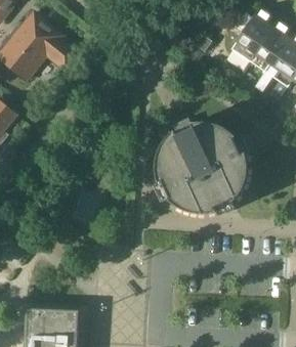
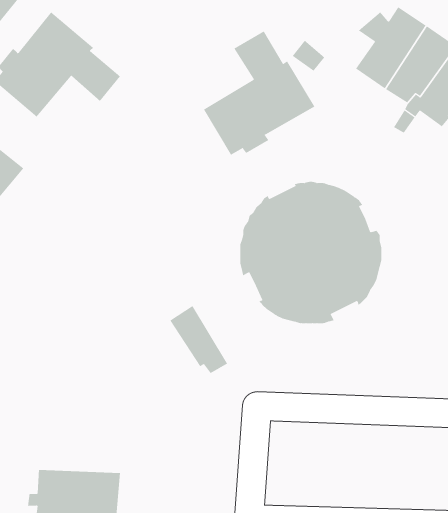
building: none -> [203,31,315,155]
building: none -> [169,305,228,374]

